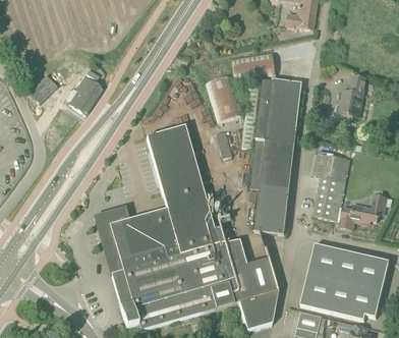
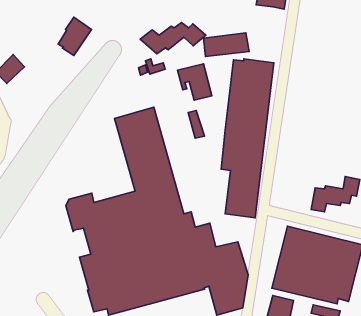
building: none -> [140,22,206,54]
building: [340,75,366,115] -> none
building: [69,76,102,114] -> [58,17,91,55]
building: [310,153,350,220] -> none

